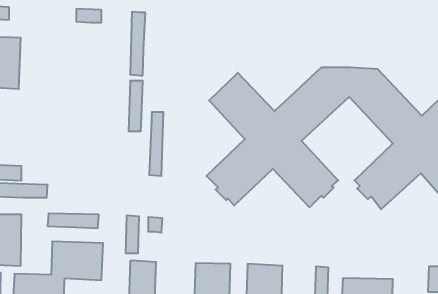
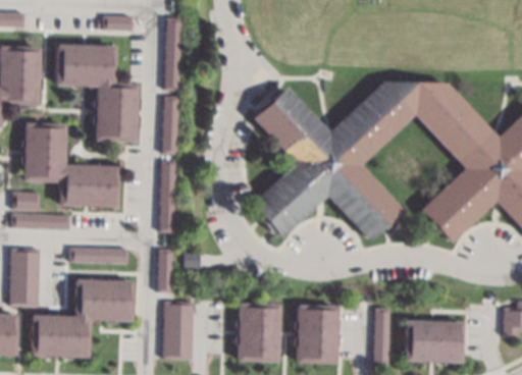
building: none -> [57,45,138,143]
building: none -> [23,123,119,208]
building: [149,112,163,176] -> [162,161,178,233]

